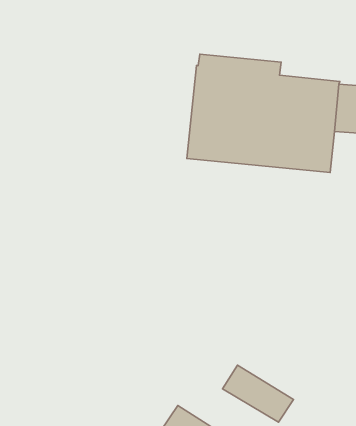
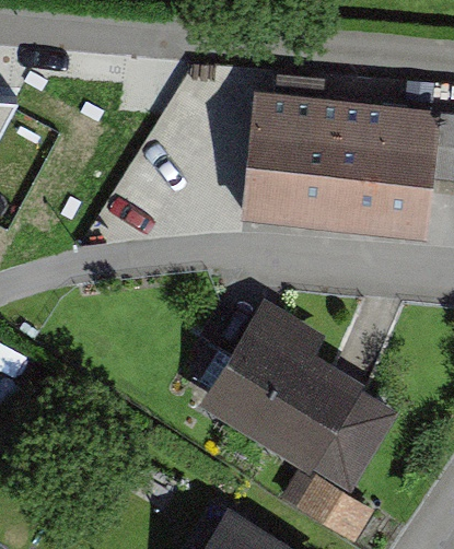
building: none -> [216,317,403,491]

